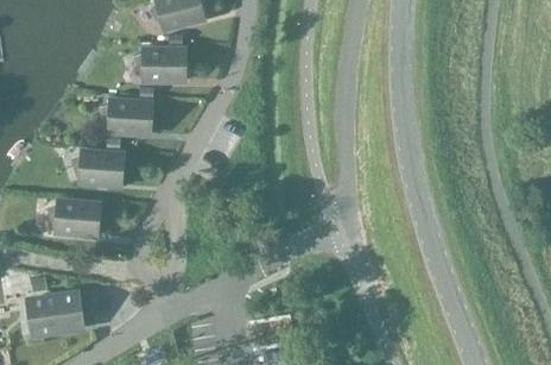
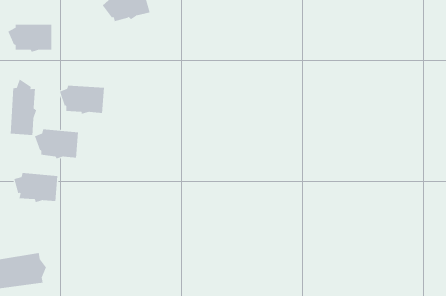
building: [134,50,185,82] -> [7,24,52,52]
building: none -> [10,78,37,136]

